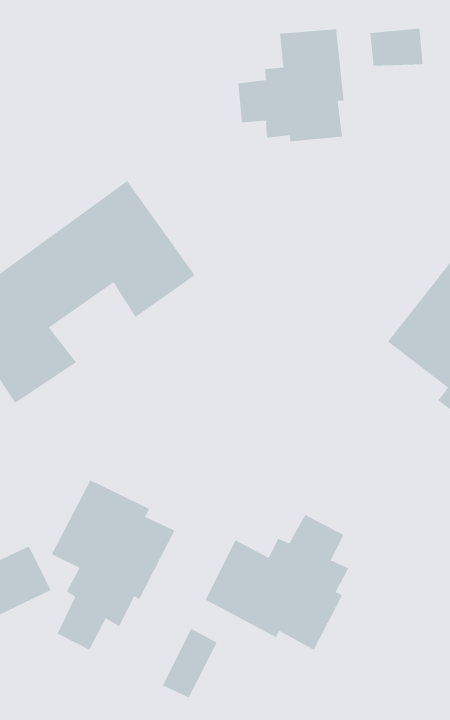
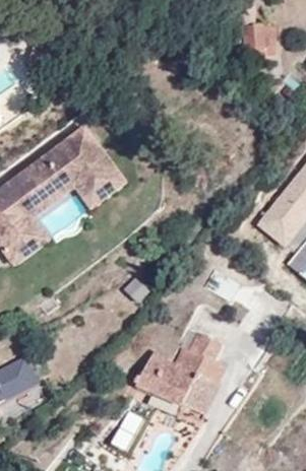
building: [238,29,344,142] -> none
building: [51,480,175,650] -> none

